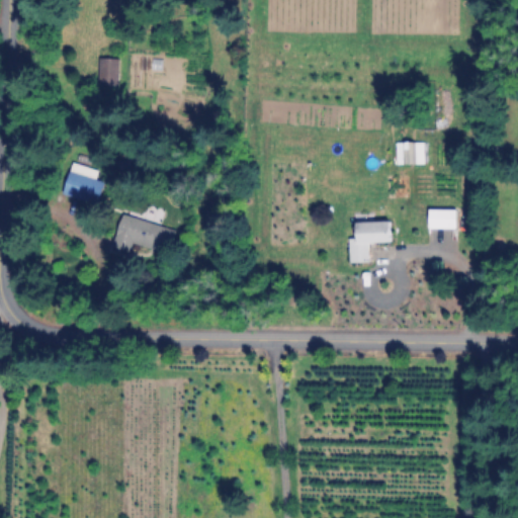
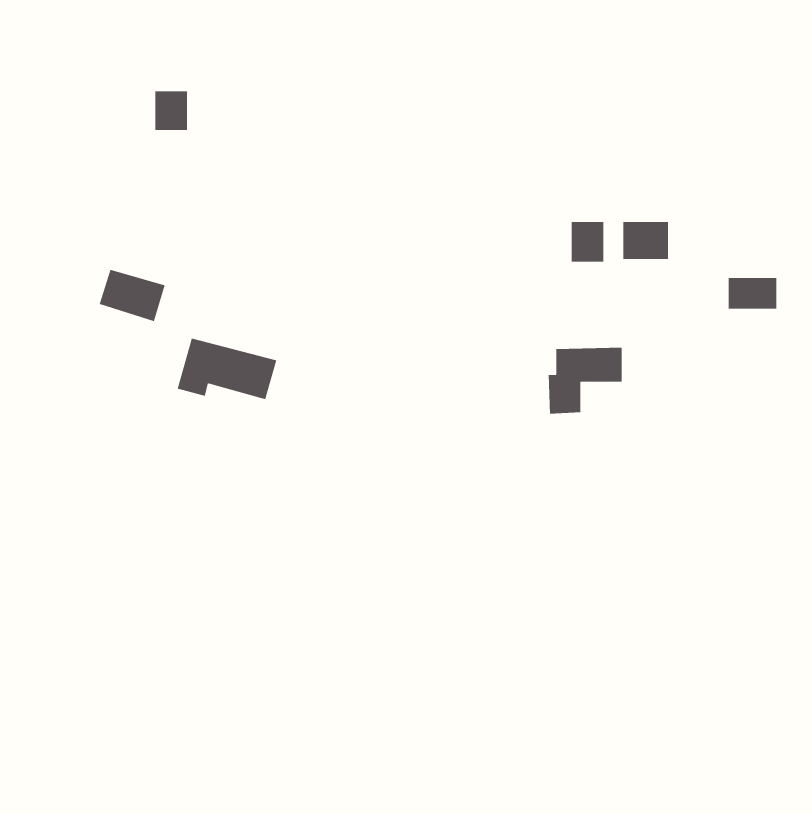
building: none -> [571,221,604,263]
building: [428,208,459,229] -> [728,277,777,309]

